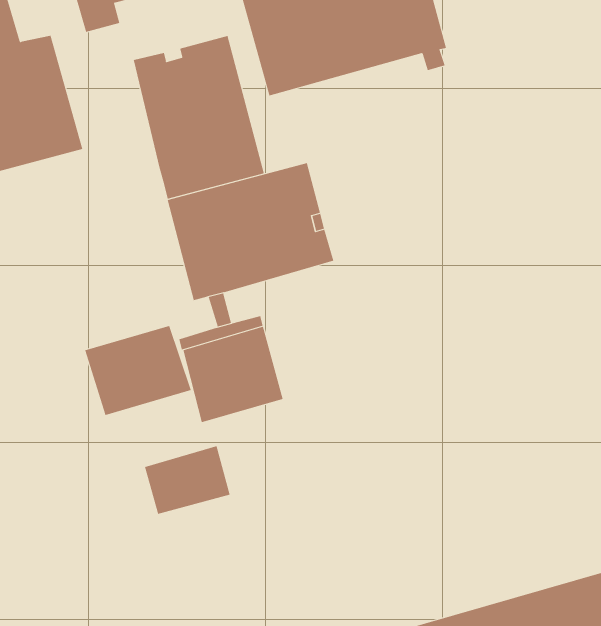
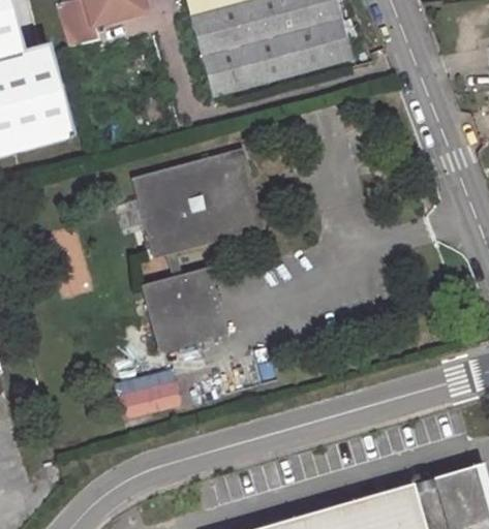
building: [133,35,265,200] -> none
building: [84,325,191,416] -> none

